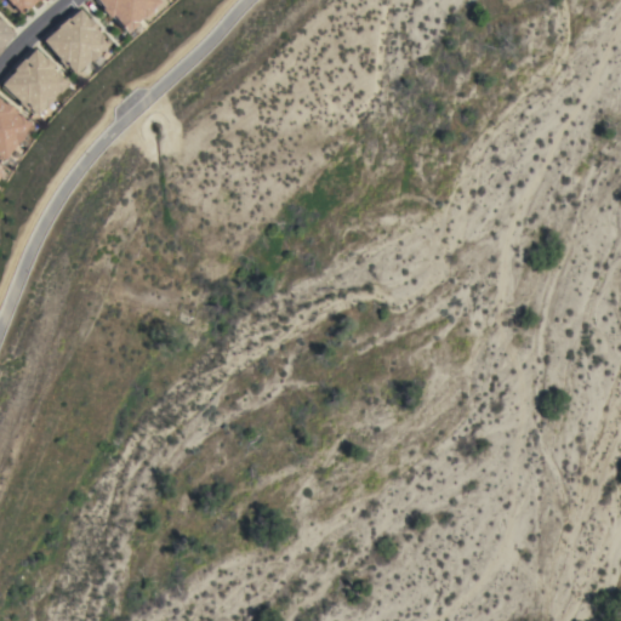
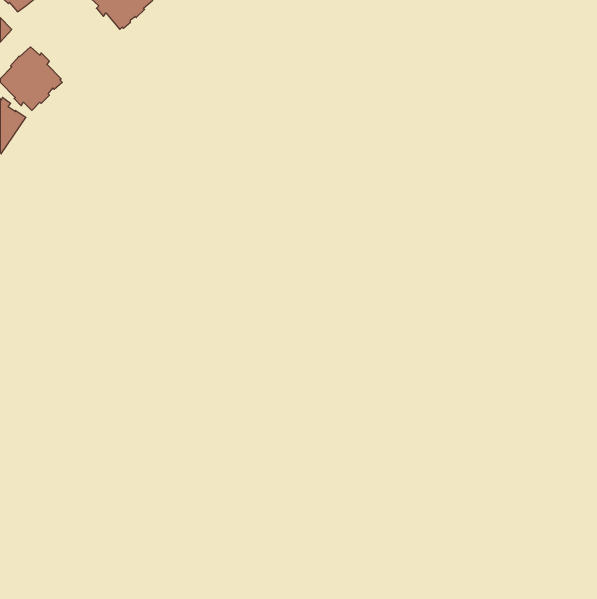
building: [45,8,109,73] -> none

